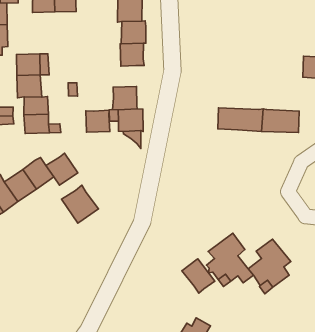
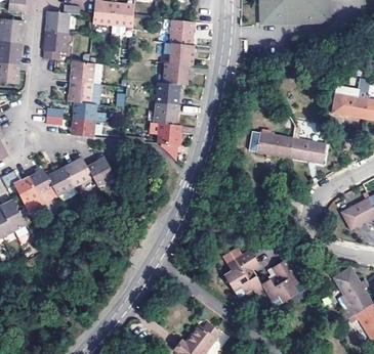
building: [86,110,110,132] -> [158,81,181,102]
building: [61,185,98,223] -> none
building: [182,259,215,293] -> none

